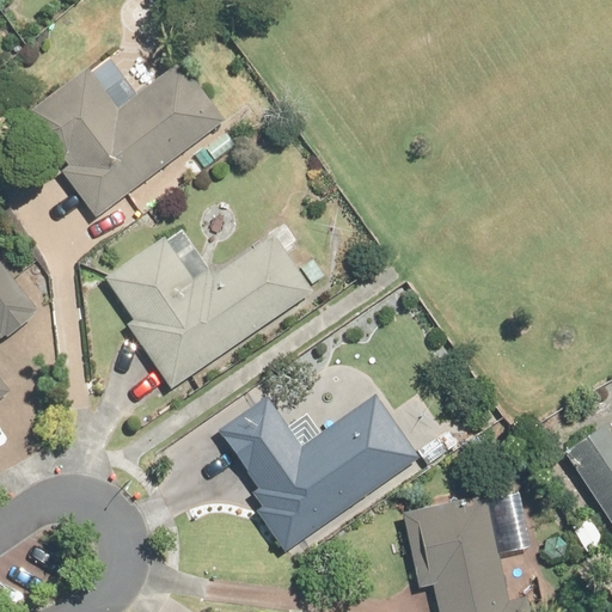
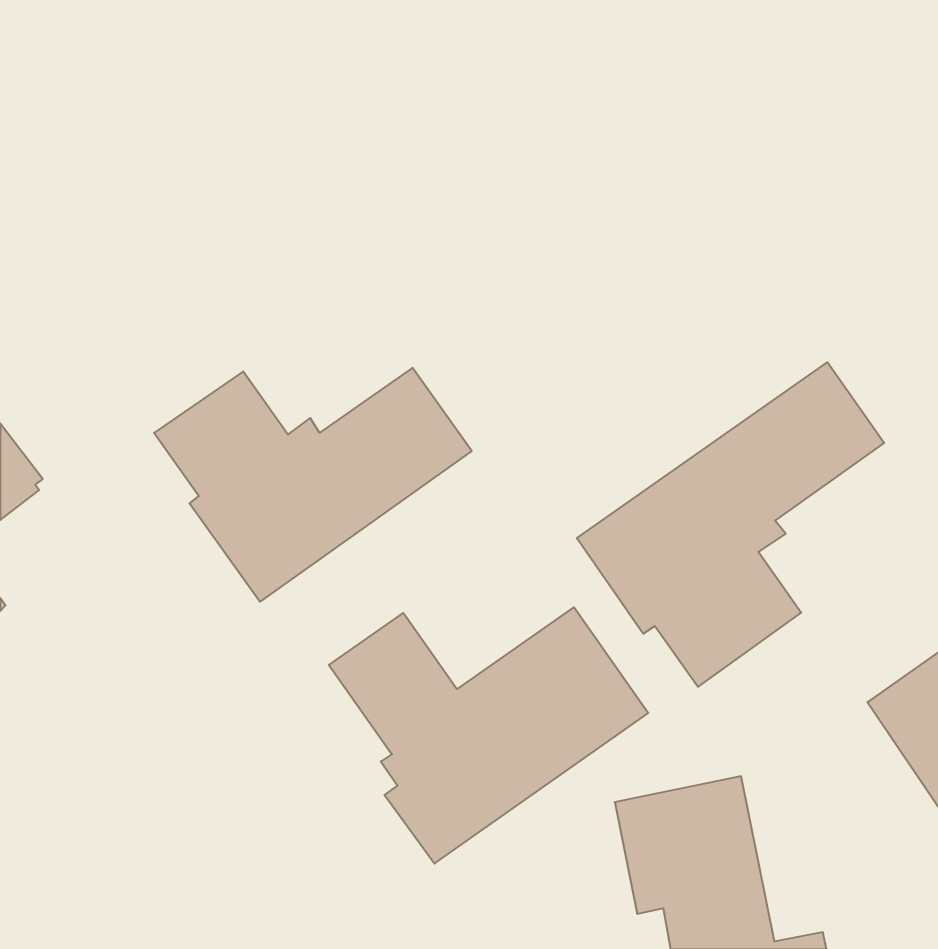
building: [30,61,221,215] -> none
building: none -> [577,362,884,687]

